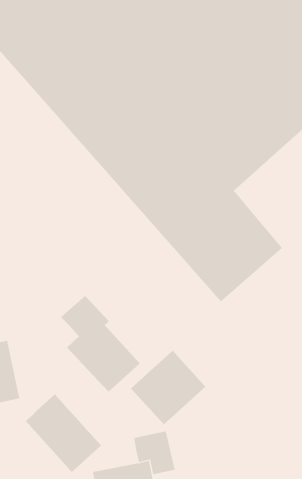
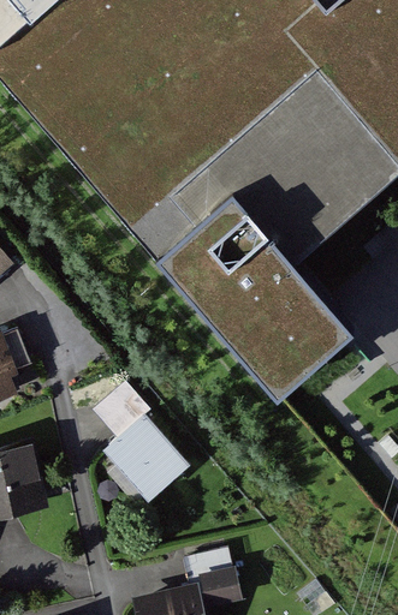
building: [130,350,206,425] -> none
building: [25,393,102,473] -> none

